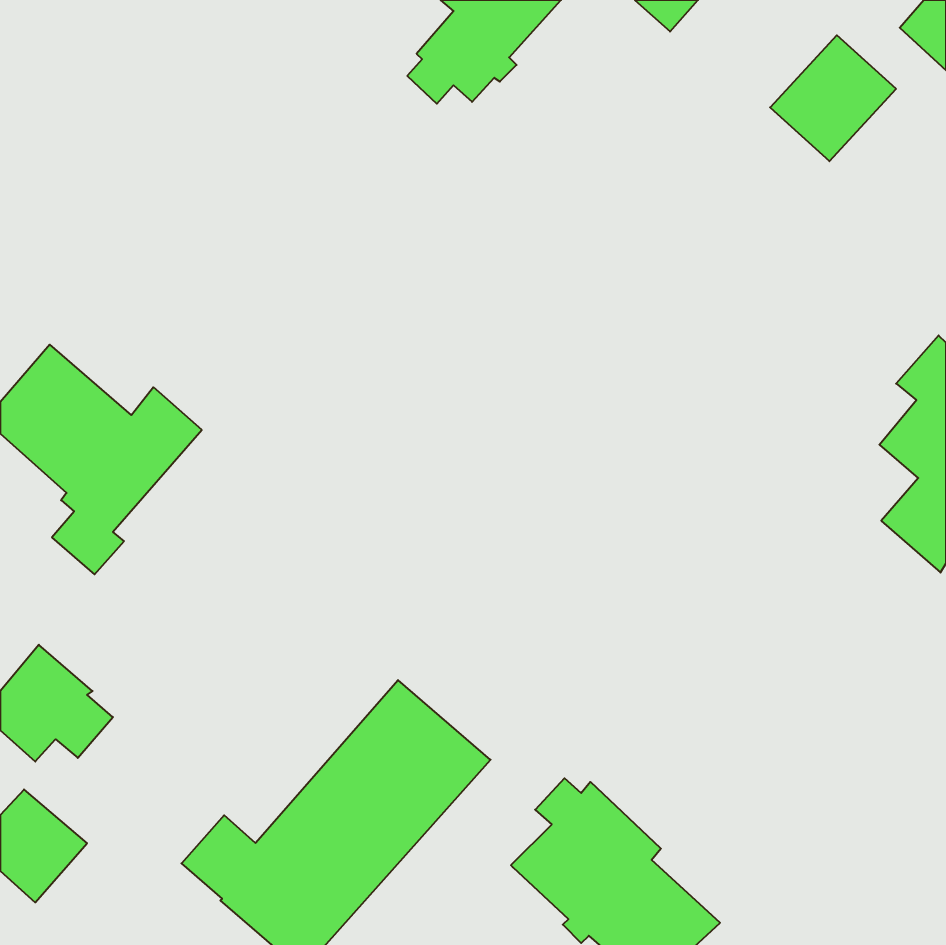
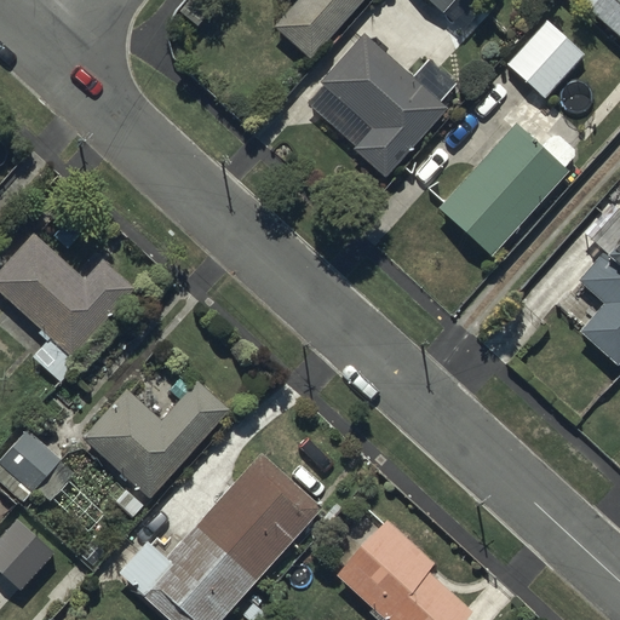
building: none -> [305,40,455,186]
building: none -> [436,133,575,265]
building: none -> [82,378,230,495]

